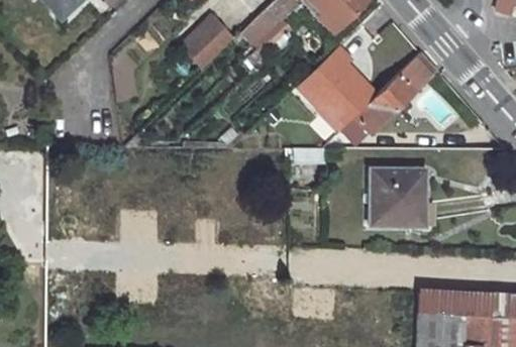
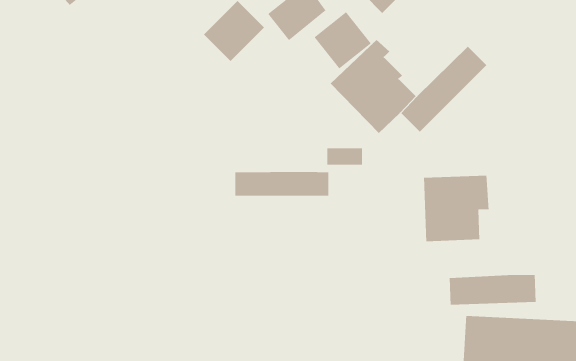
building: none -> [313,11,372,70]
building: none -> [235,171,329,196]
building: none -> [449,274,537,306]

